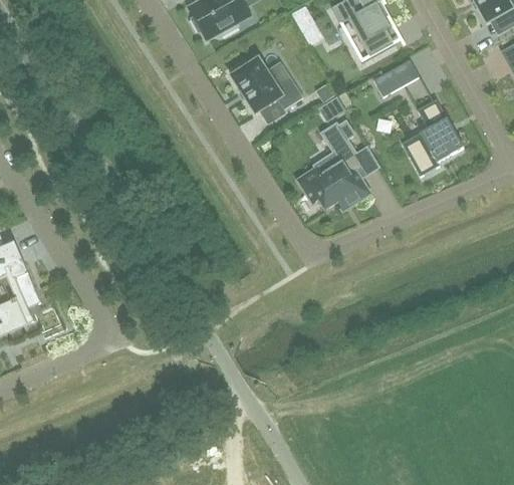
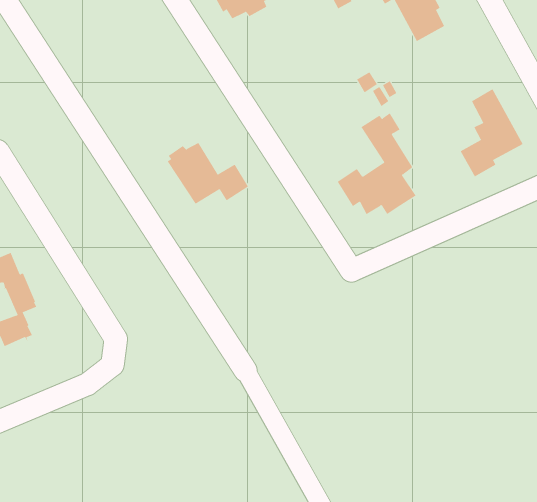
building: [231,57,303,112] -> [167,142,249,205]
building: [373,58,420,96] -> none

